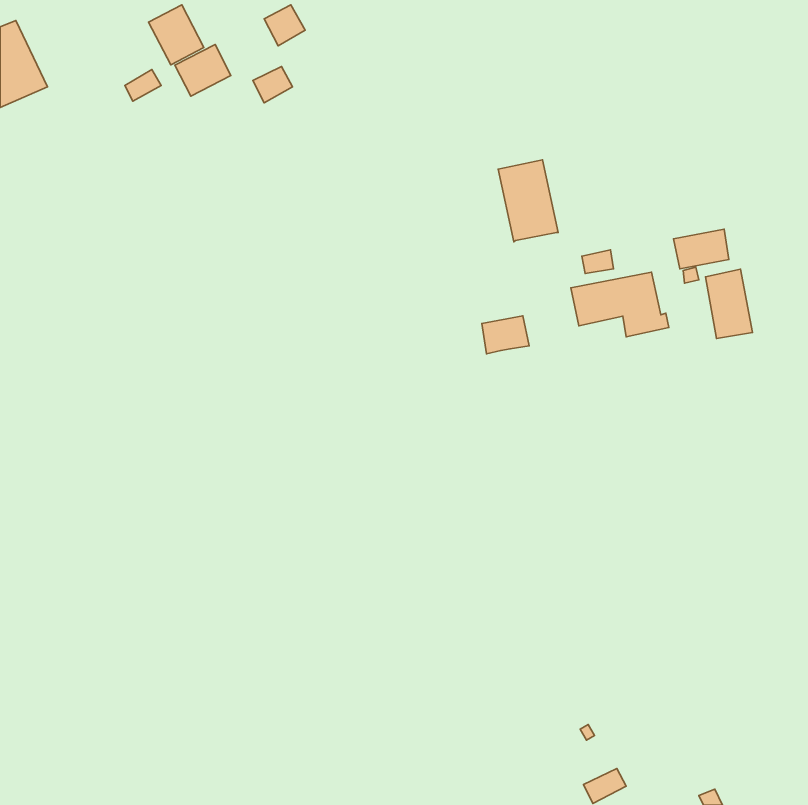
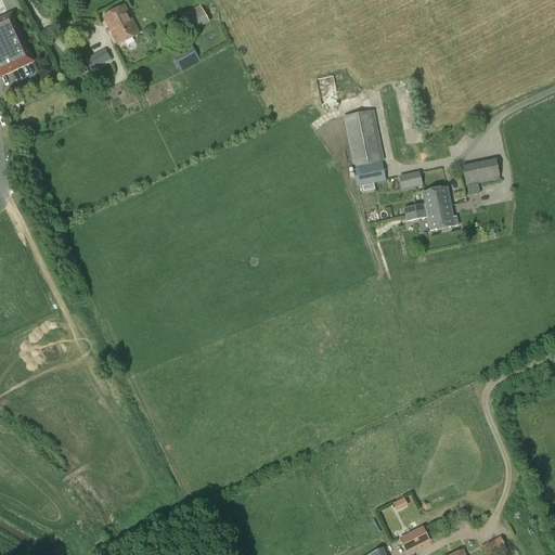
building: [175,44,231,96] -> none
building: [705,269,752,338] -> none
building: [482,316,529,354] -> [353,159,386,185]

